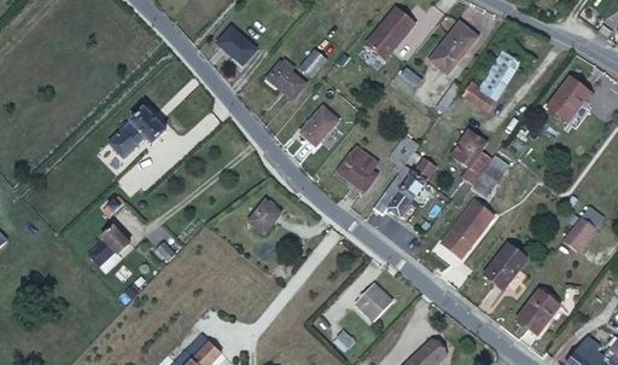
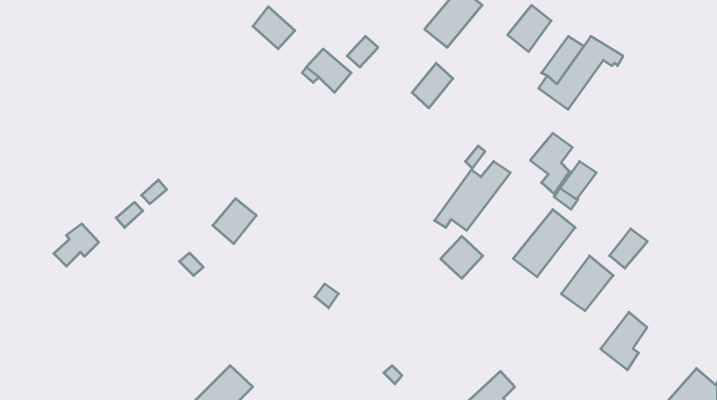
building: [542,79,591,128] -> none
building: [109,105,167,155] -> none
building: [302,105,337,144] -> [412,63,453,108]
building: [340,143,381,191] -> none
building: [245,199,282,238] -> [213,199,256,244]
building: [560,222,593,256] -> [609,229,647,268]
building: [89,225,128,261] -> [54,224,99,266]
building: [356,284,392,320] -> [441,236,483,278]

